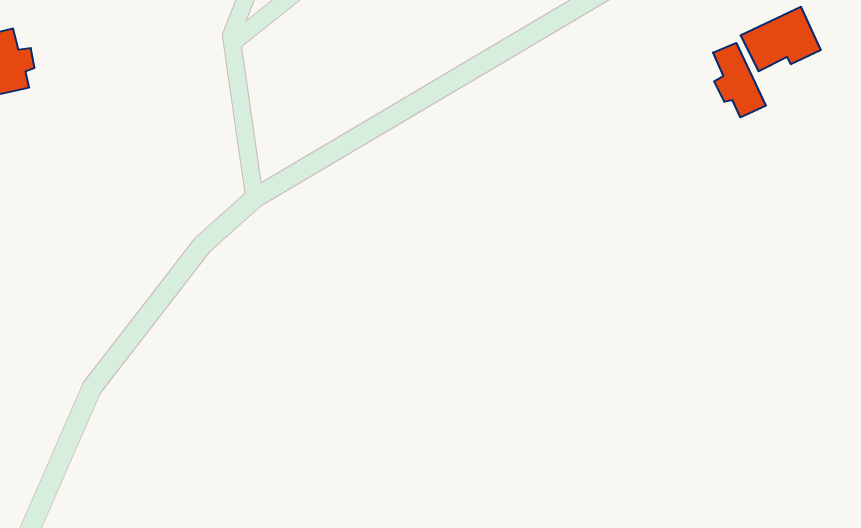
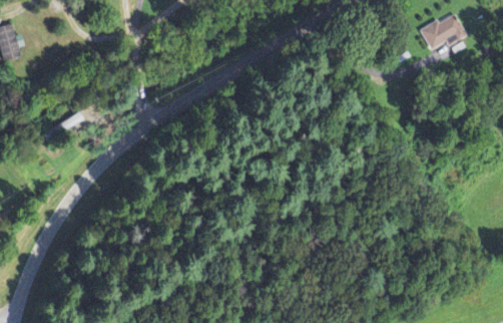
building: [713,43,766,117] -> none

